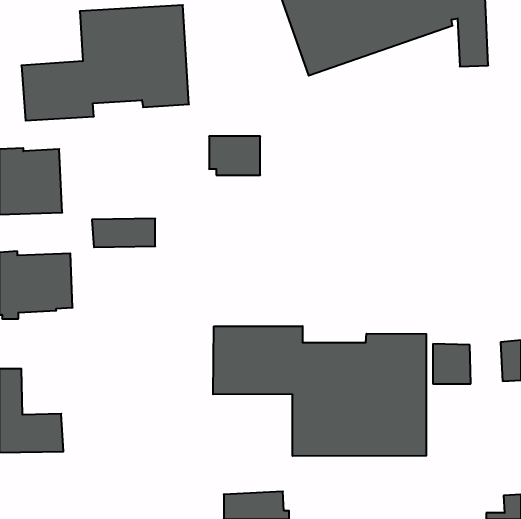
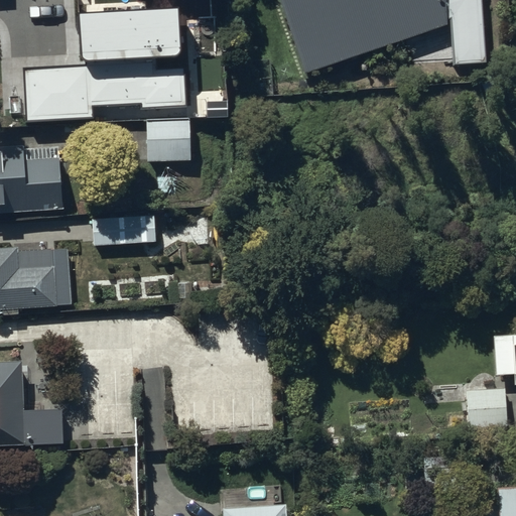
building: [209,136,260,175] -> [139,123,189,161]
building: [213,326,426,456] -> none
building: [433,344,471,384] -> [468,388,505,427]

